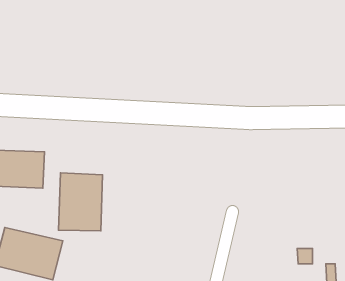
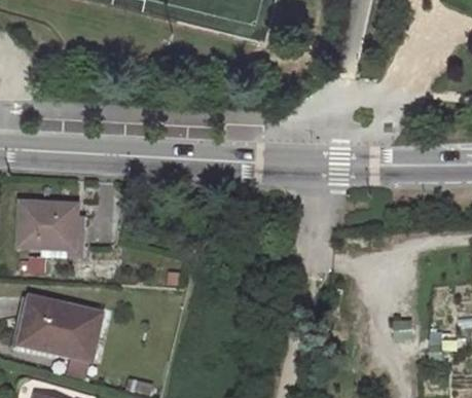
building: [58,173,103,231] -> none

